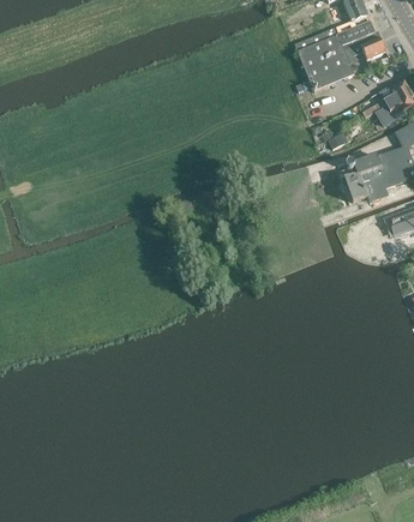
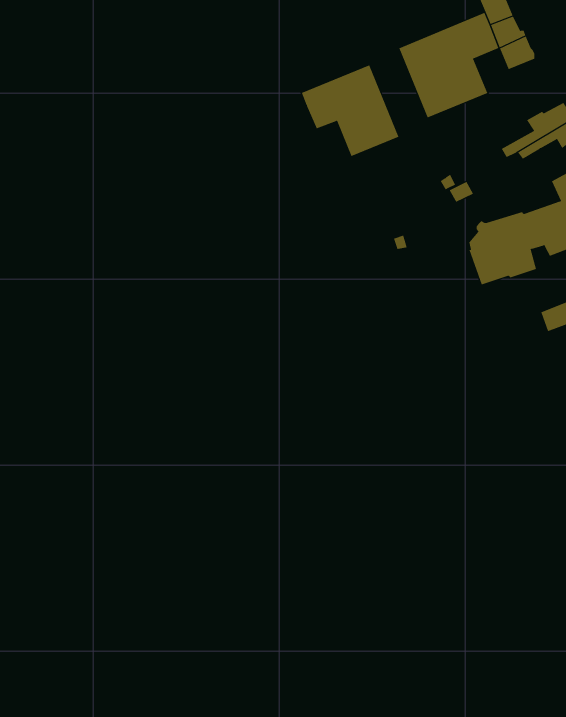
building: none -> [301,65,399,157]

